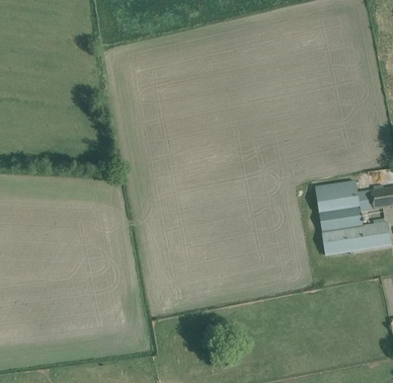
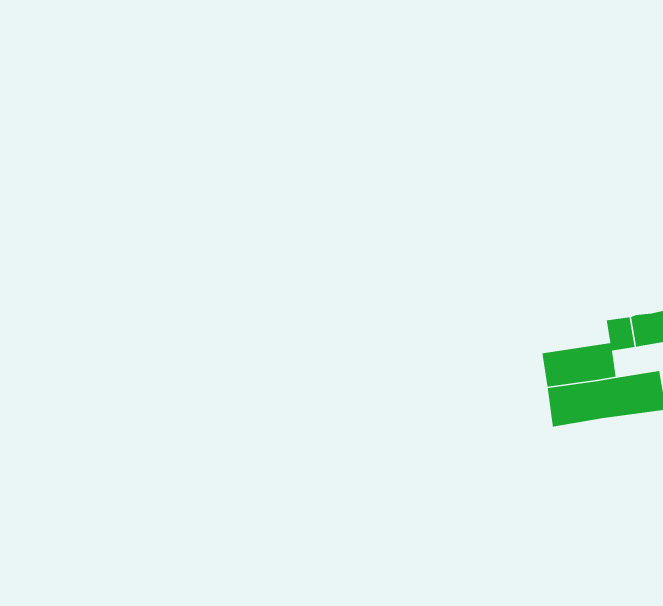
building: [315,180,359,212] -> none

